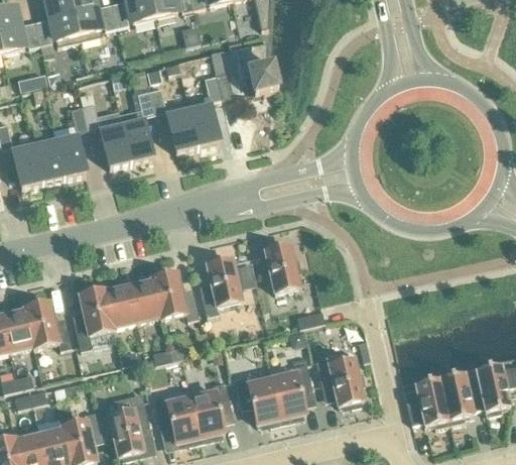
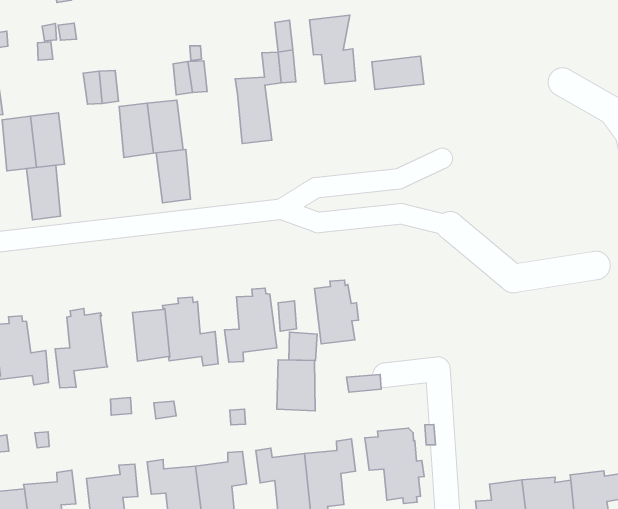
building: none -> [372,56,424,90]
building: [167,108,198,150] -> [156,150,191,203]
building: [55,133,86,177] -> [26,165,61,220]
building: [105,283,137,325] -> none
building: none -> [277,360,315,411]

